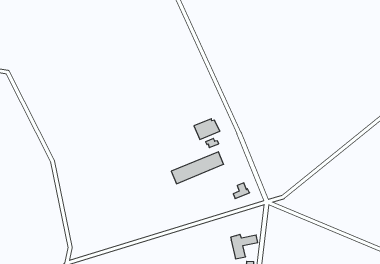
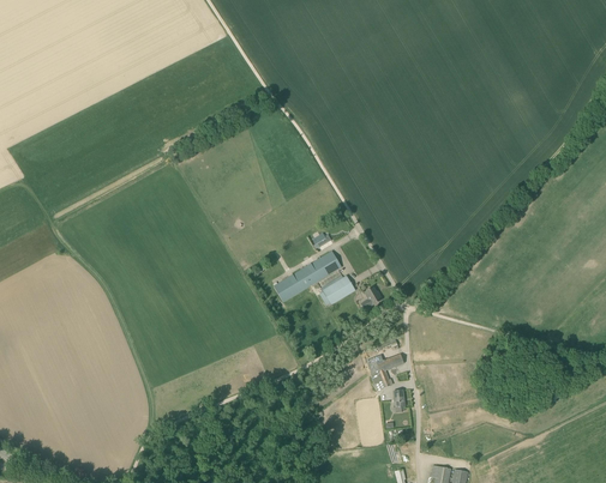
building: [194,119,220,139] -> [319,274,355,304]

